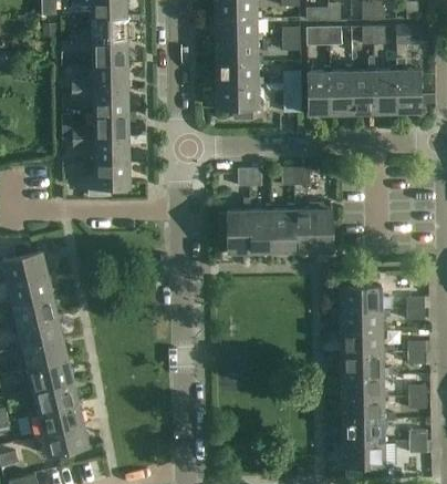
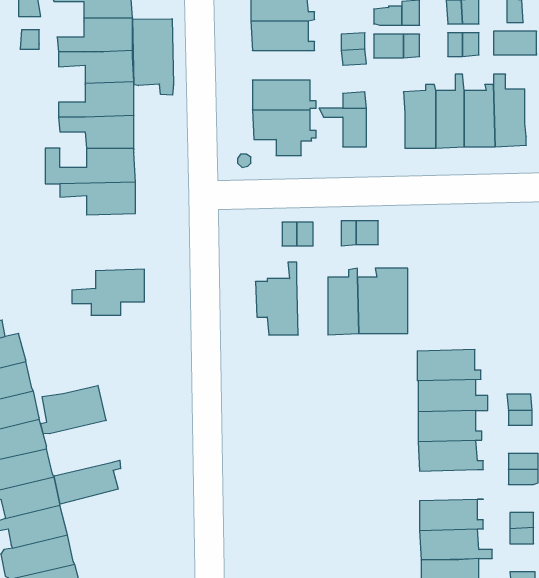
building: none -> [133,19,173,95]
building: [216,40,262,62] -> none
building: [306,65,330,113] -> none
building: [74,162,128,196] -> [72,269,144,315]
building: [249,204,272,253] -> none
building: none -> [41,385,106,434]
building: none -> [54,460,121,504]
building: [341,353,388,377] -> [417,350,481,381]

